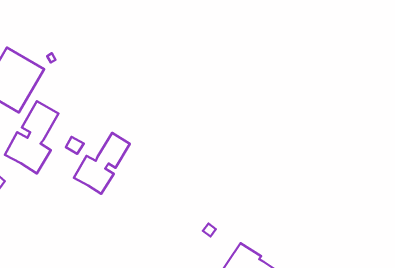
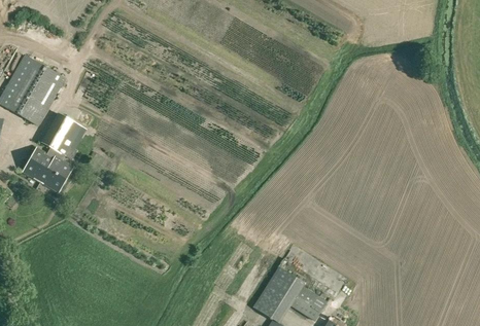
building: [74,133,130,194] -> none

